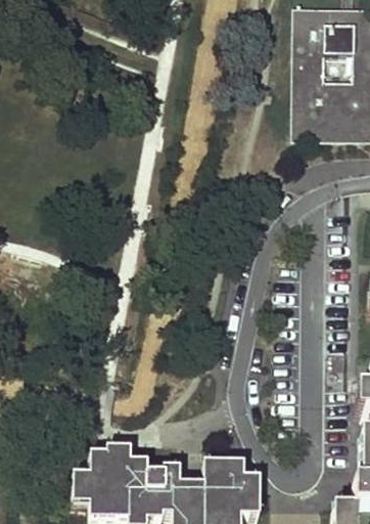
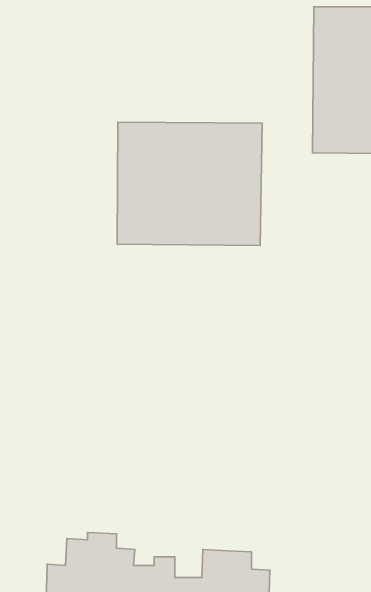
building: none -> [117,122,262,245]

